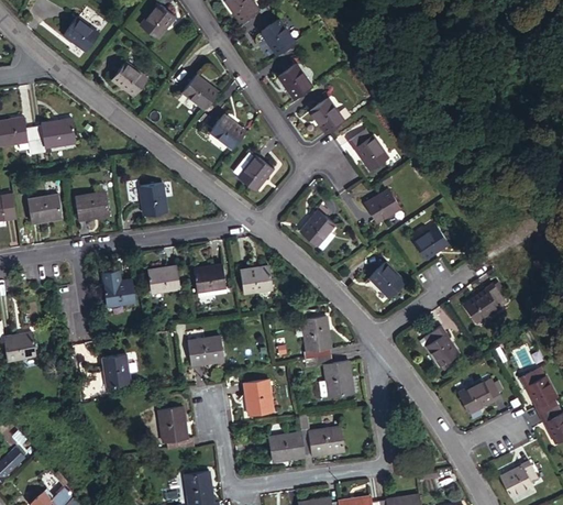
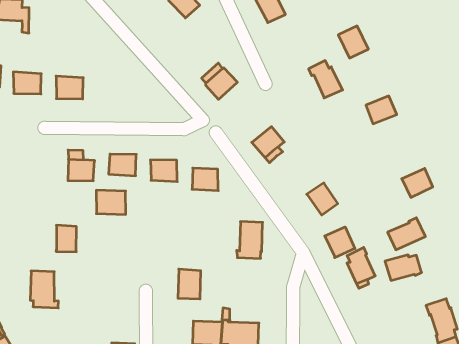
building: [309,97,344,133] -> [338,26,368,58]
building: [209,113,245,149] -> none
building: [33,119,76,153] -> none
building: [141,183,166,213] -> none
building: [365,188,400,221] -> [366,96,397,124]
building: [412,224,448,259] -> [402,168,433,197]
building: none -> [325,227,355,258]
building: [187,336,223,365] -> [96,190,126,214]
building: [305,355,352,396] -> none
building: [457,378,499,410] -> [385,255,422,280]
building: [157,406,194,448] -> [30,271,58,308]

